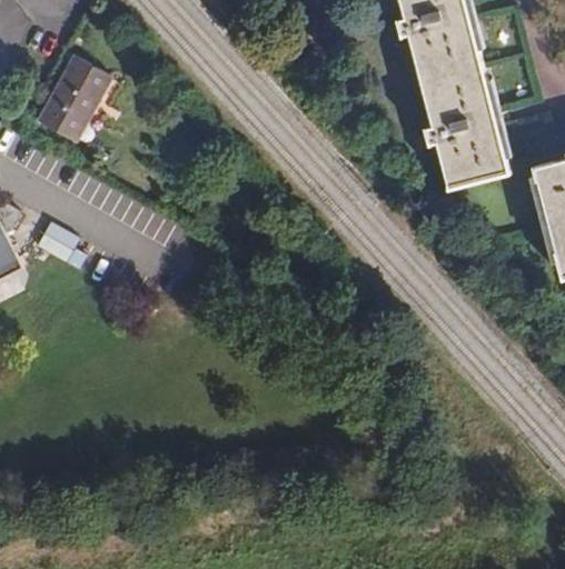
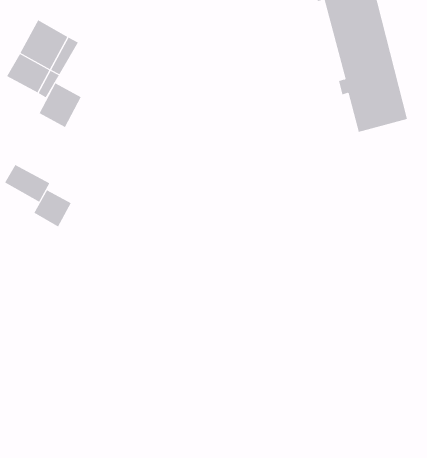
building: none -> [39,83,81,128]
building: none -> [33,190,71,227]

